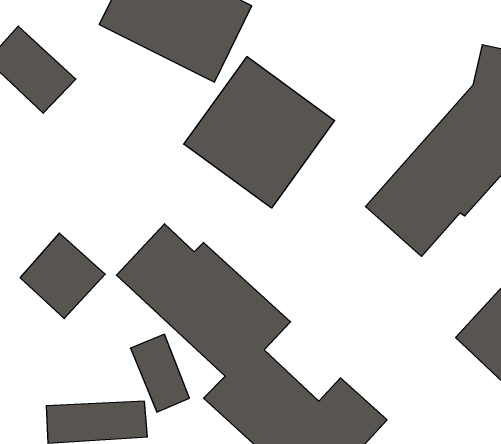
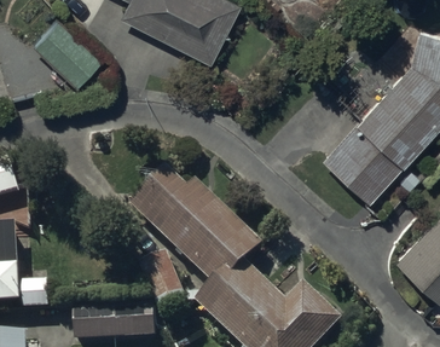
building: [184,57,335,208] -> none
building: [20,233,105,319] -> none

